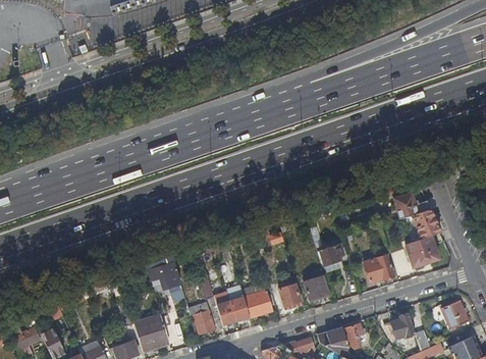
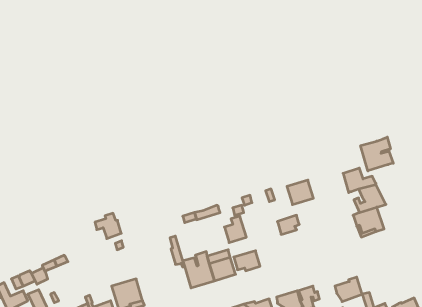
building: none -> [361,137,393,171]
building: [364,255,393,283] -> [287,180,313,205]
building: [151,260,180,289] -> [95,213,121,239]
building: [304,269,328,299] -> [224,216,246,243]
building: [441,300,469,329] -> none
building: [188,302,216,334] -> none

